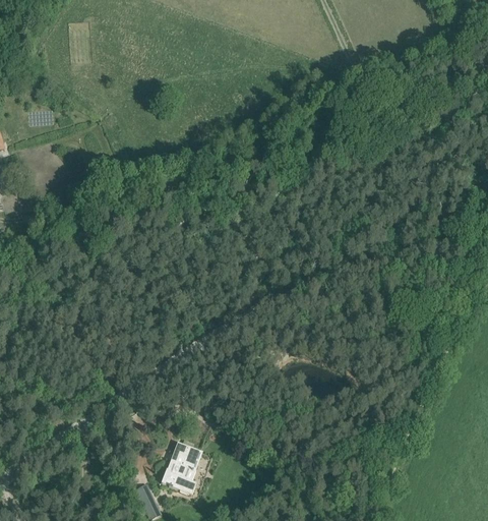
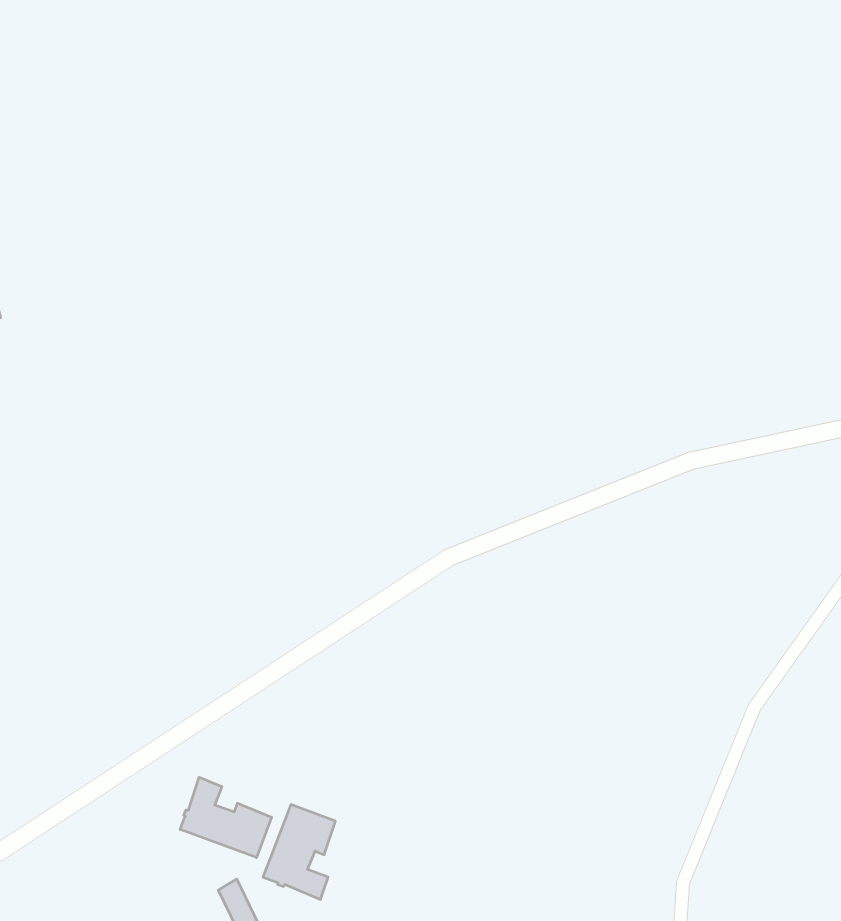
building: none -> [180,777,272,858]

